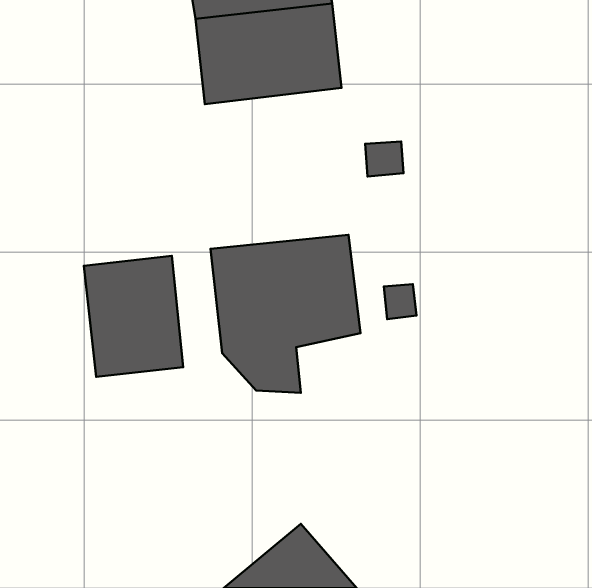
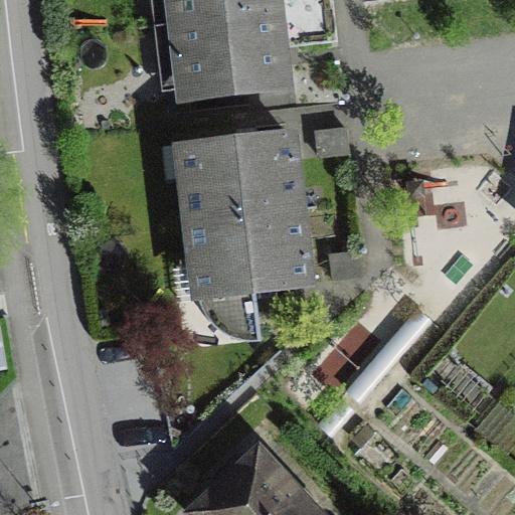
building: none -> [176,132,300,214]
building: [84,256,183,377] -> none

